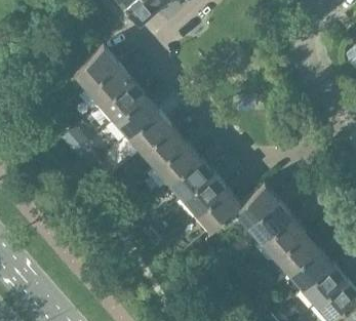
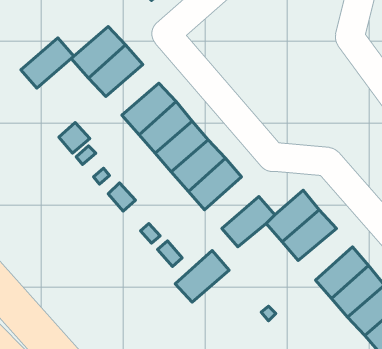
building: [101,79,145,121] -> [21,38,74,88]
building: [183,172,228,215] -> [175,250,229,302]
building: [261,215,306,258] -> none

